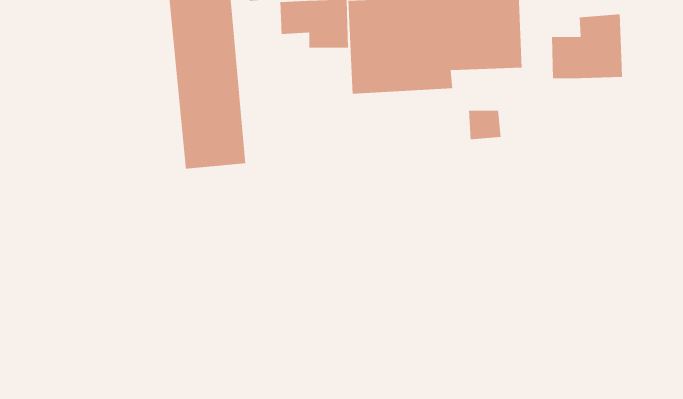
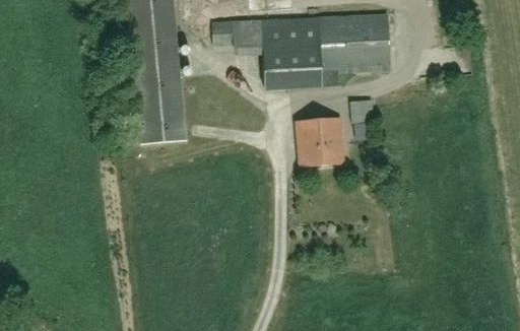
building: [551,14,623,79] -> none
building: none -> [296,116,343,164]

